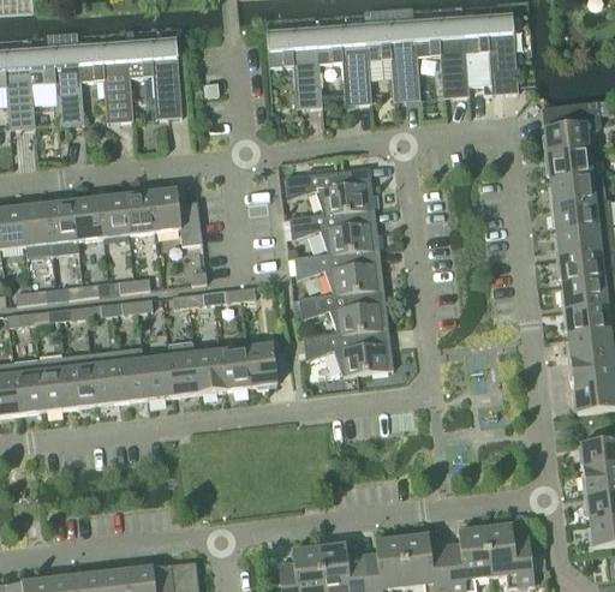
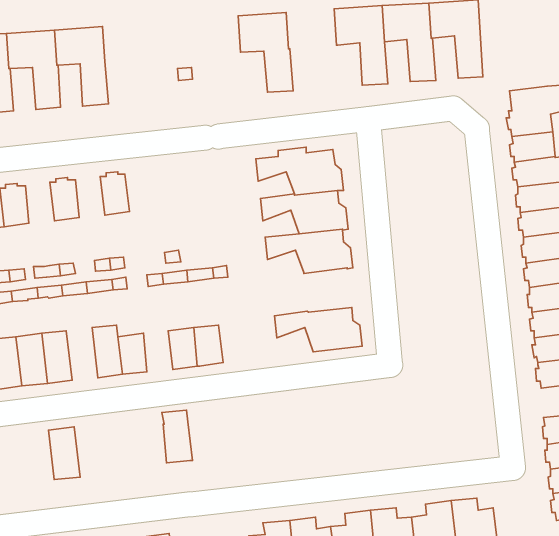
building: [315,23,370,104] -> none
building: [126,37,181,119] -> none
building: [149,186,202,245] -> none
building: [98,192,129,237] -> none
building: [47,198,78,255] -> none
building: [298,288,388,334] -> none
building: [167,341,198,395] -> [162,410,192,463]
building: [245,343,276,388] -> none
building: [89,349,121,403] -> [48,427,80,479]

